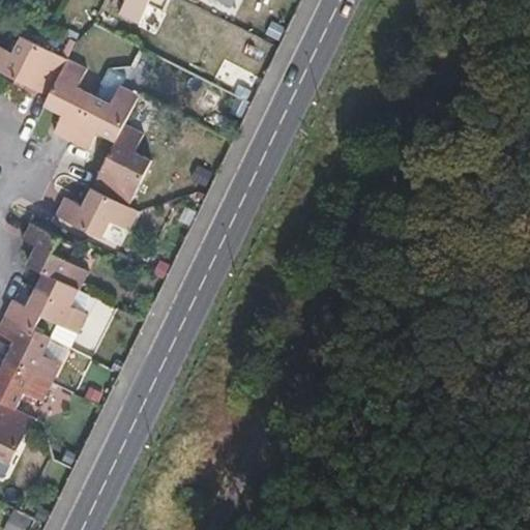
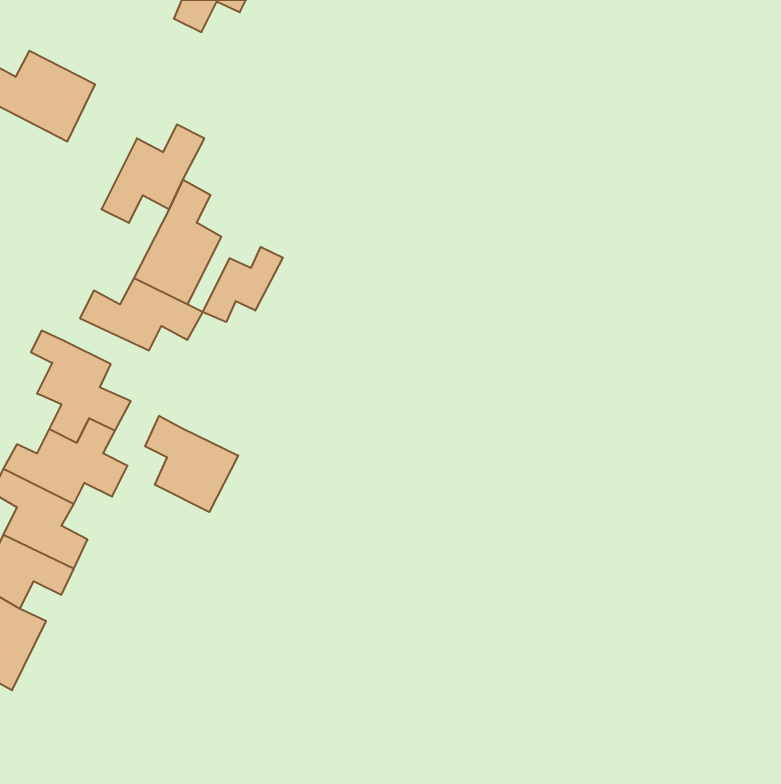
building: [40,58,92,142] -> none
building: none -> [203,247,283,322]
building: none -> [145,416,238,512]

